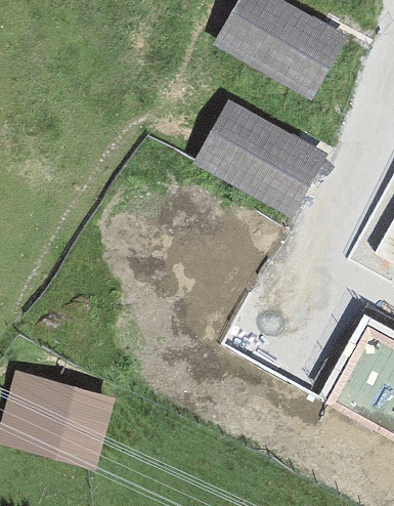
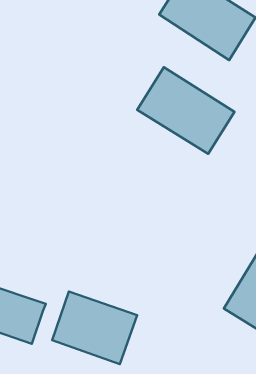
building: none -> [52,291,137,364]

